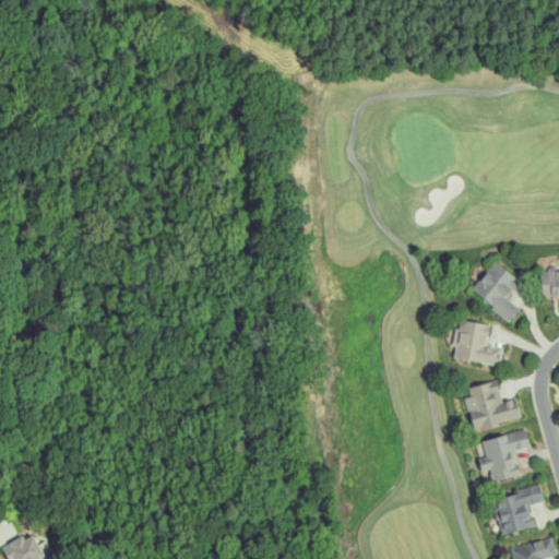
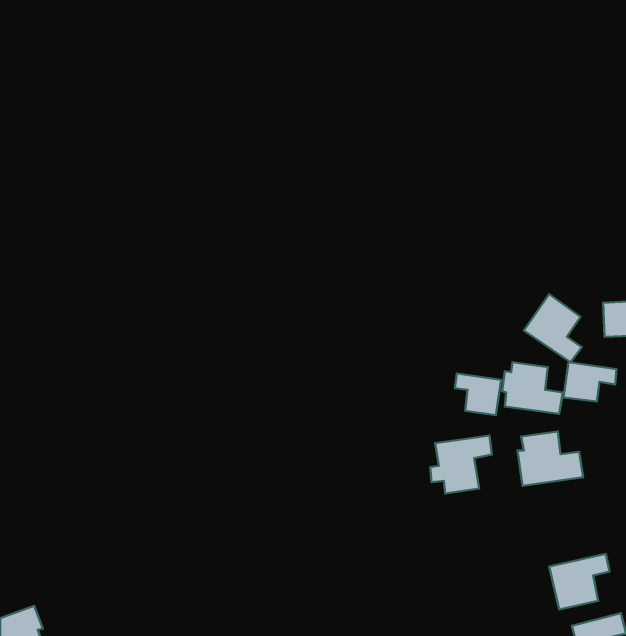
building: none -> [563,362,617,401]
building: none -> [455,374,501,415]
building: [477,431,531,481] -> [430,435,492,494]

